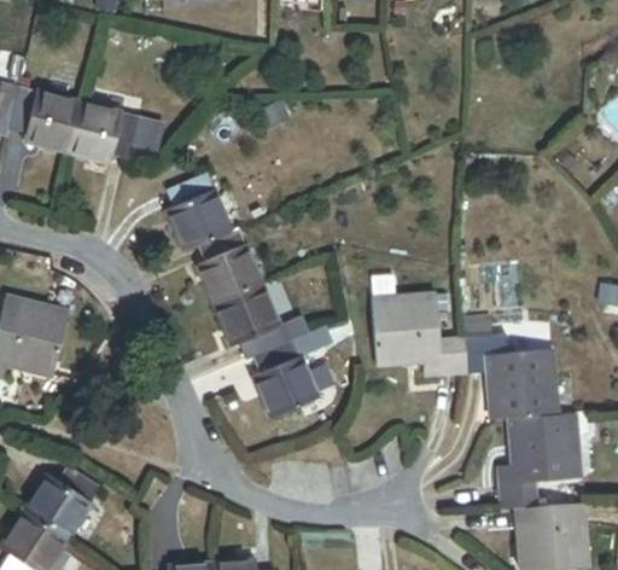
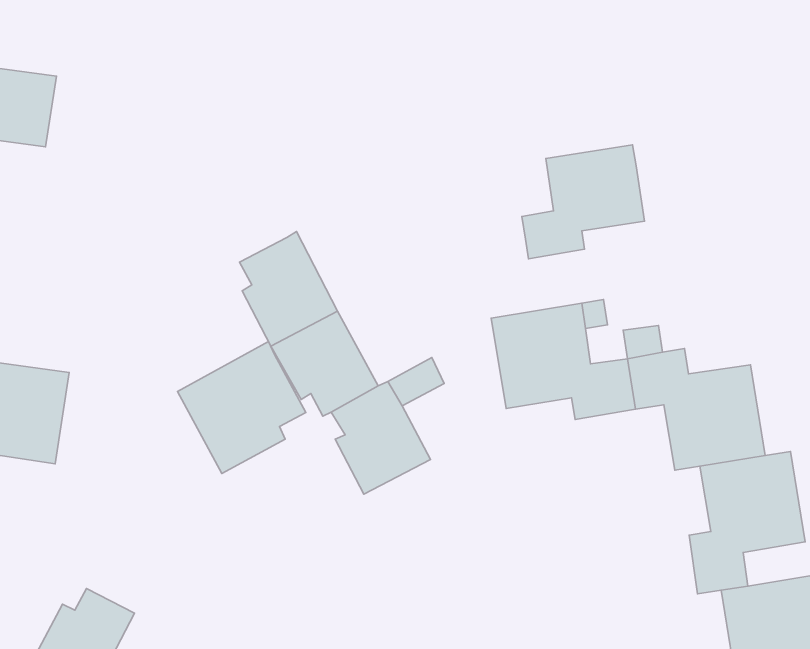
building: [65,100,139,161] -> none
building: [163,171,231,250] -> none
building: none -> [522,145,644,259]
building: none -> [177,342,306,474]

